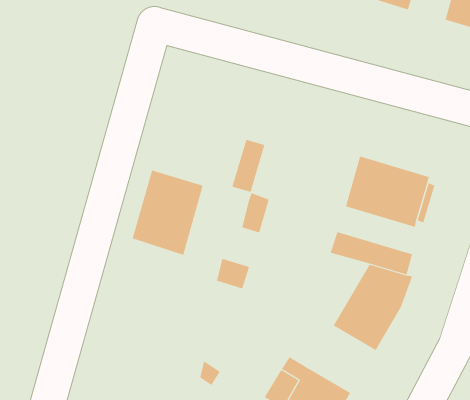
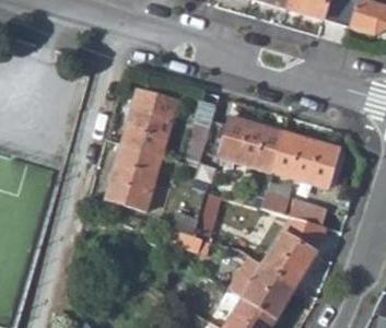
building: none -> [121,91,177,156]
building: none -> [218,118,283,173]
building: none -> [243,266,296,318]

